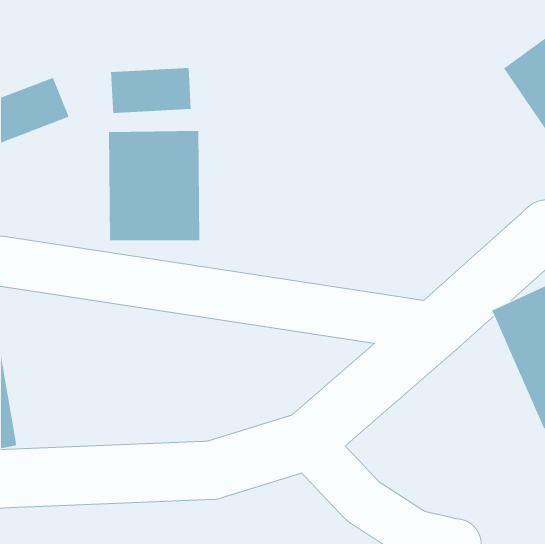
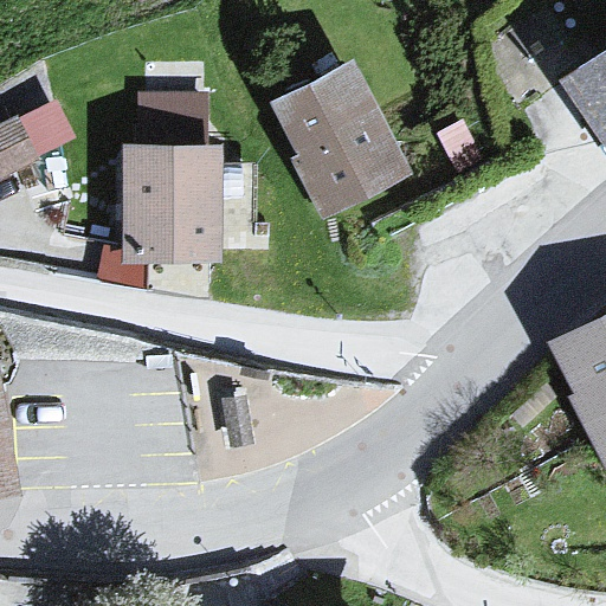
building: none -> [271,59,411,219]

